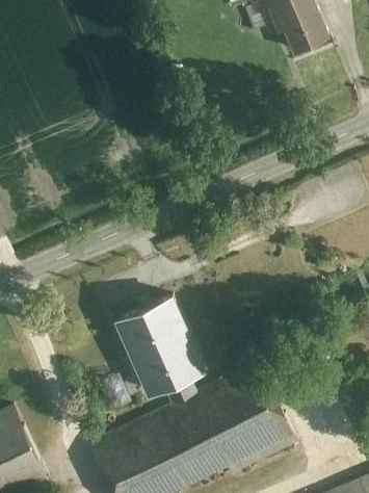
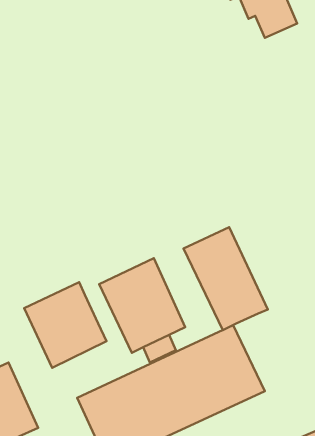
building: none -> [184,227,268,330]
building: none -> [24,282,107,368]

